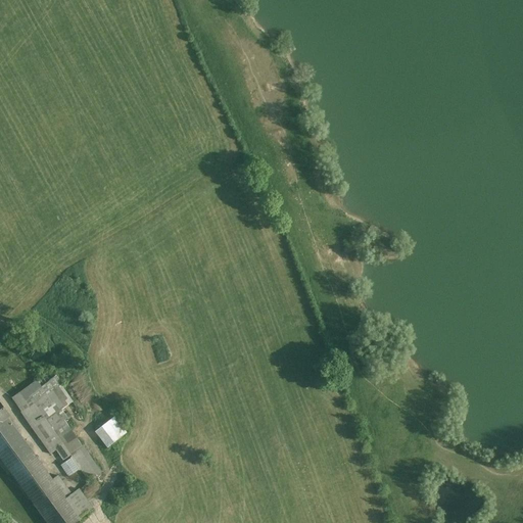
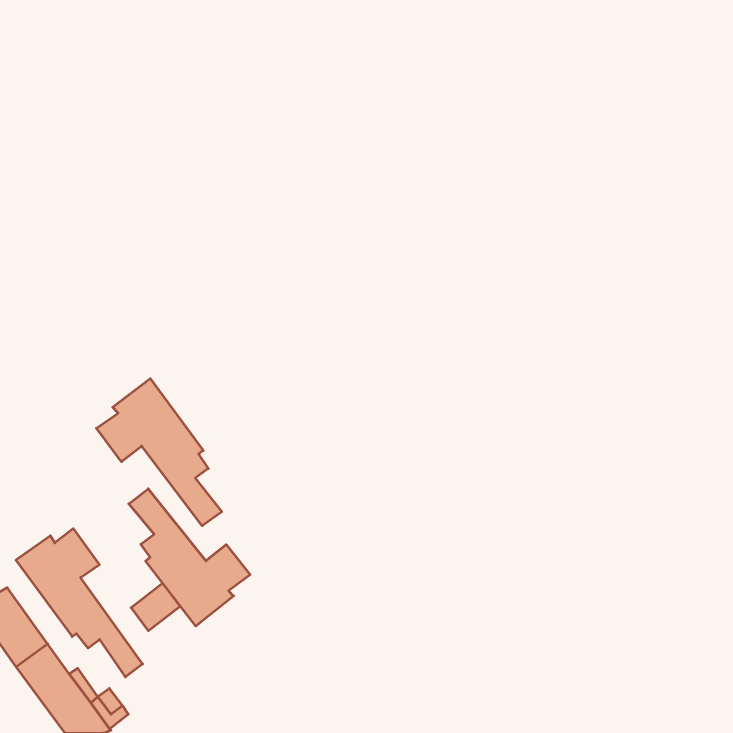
building: none -> [96,379,222,526]
building: none -> [129,489,250,626]

